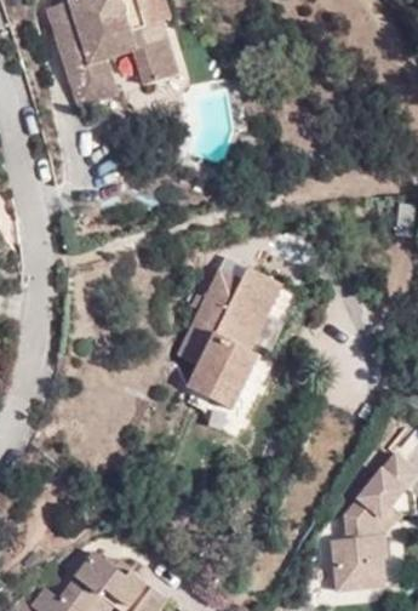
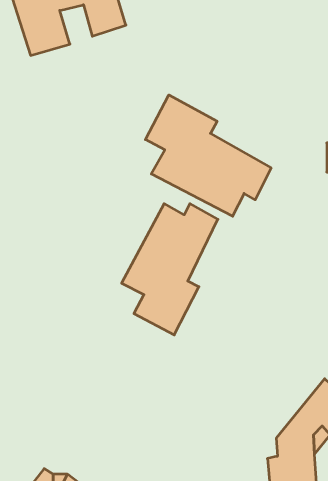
building: none -> [145,95,271,216]

